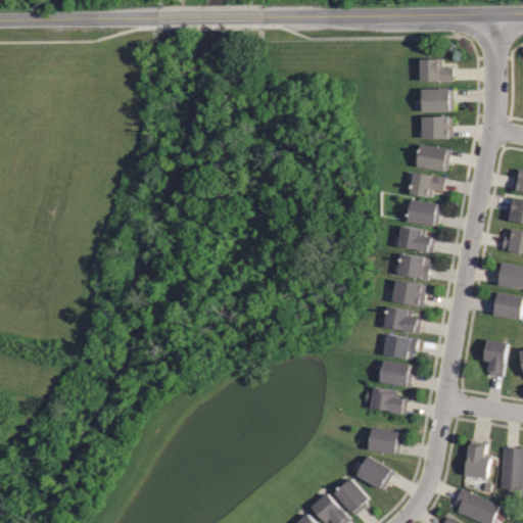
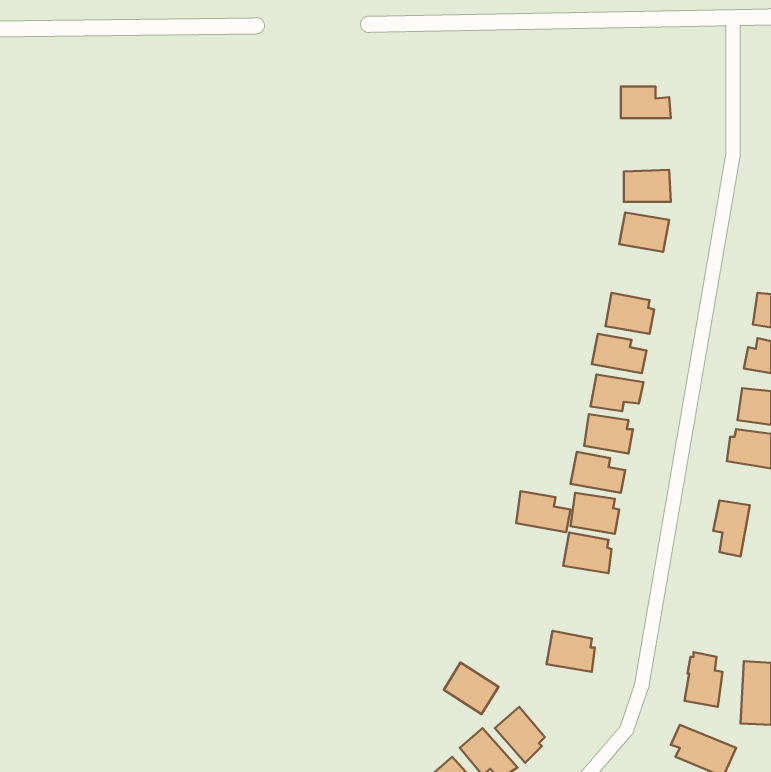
building: [420,90,451,111] -> none
building: [410,173,444,197] -> none
building: [371,387,408,415] -> [516,491,571,532]
building: [355,456,392,490] -> [444,663,498,714]

